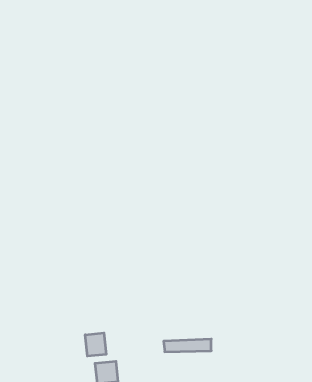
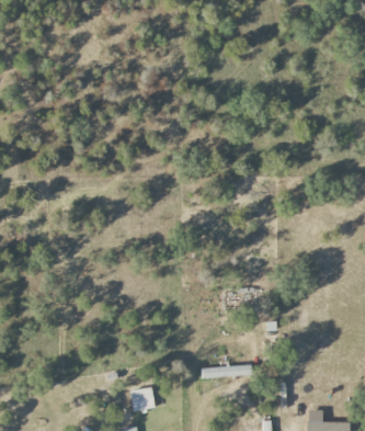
building: [85,333,106,356] -> none

